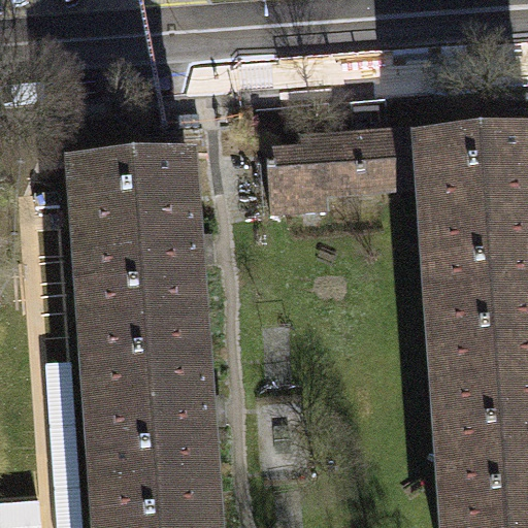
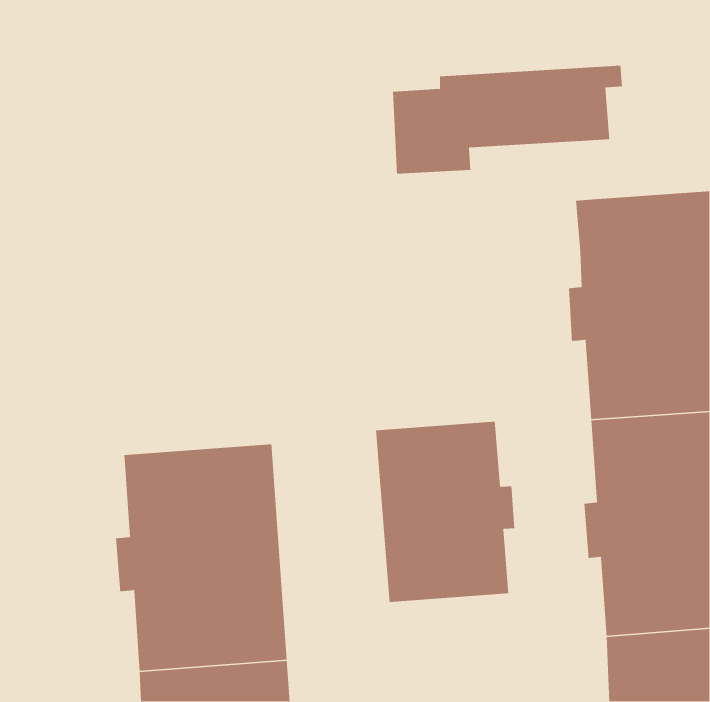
building: [268,131,439,212] -> [392,65,623,175]
building: [74,165,202,337] -> none
building: none -> [375,421,515,603]

